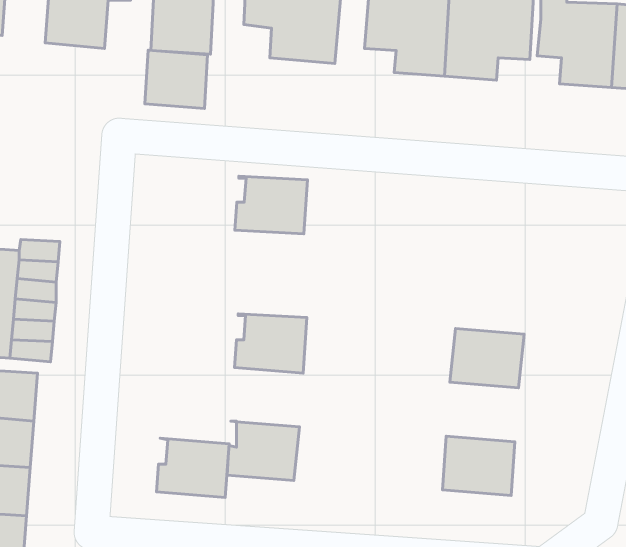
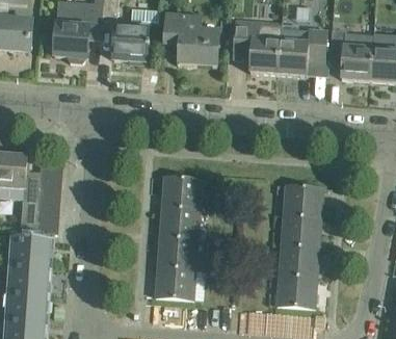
building: [145,50,207,108] -> none
building: [235,176,307,234] -> [161,177,202,209]
building: none -> [283,185,323,218]
building: none -> [278,245,318,279]
building: [157,438,229,497] -> [157,237,197,270]

